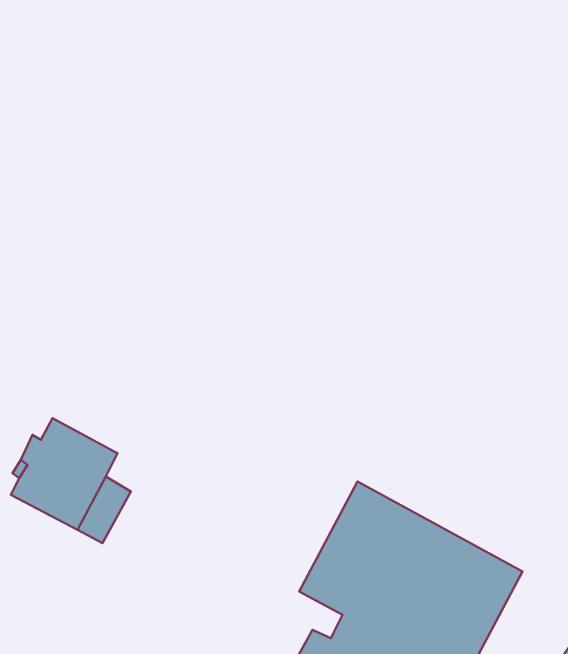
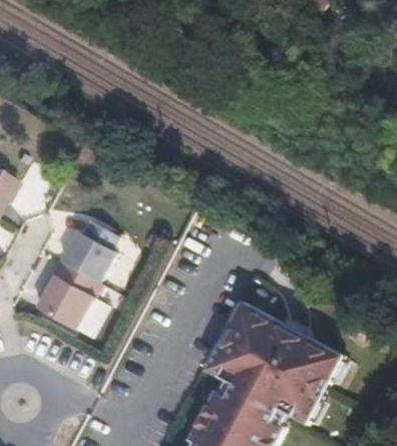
building: none -> [57,225,111,285]

